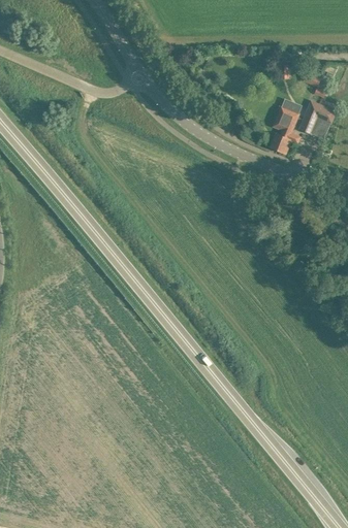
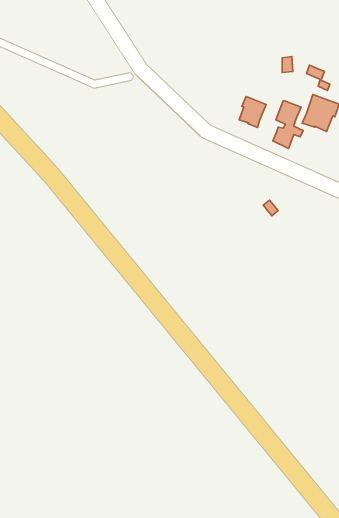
building: none -> [239,97,266,127]

